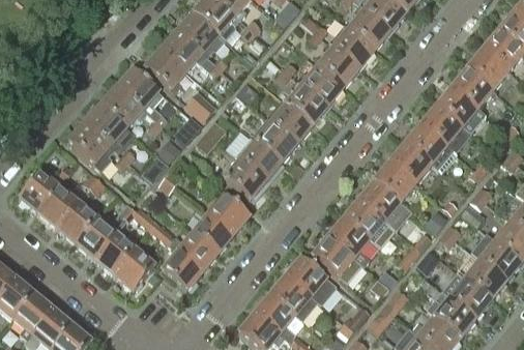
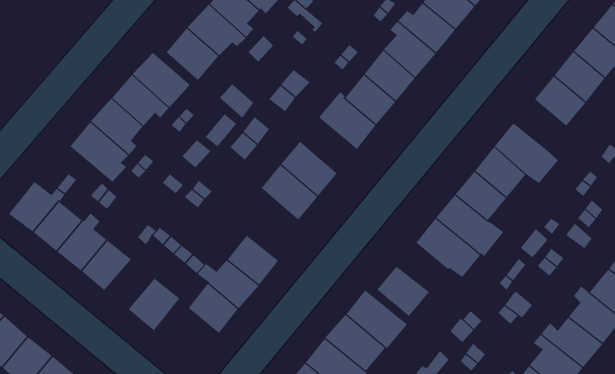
building: [420,105,471,152] -> none
building: [251,119,296,164] -> none
building: [208,193,250,233] -> none
building: [327,218,371,265] -> none
building: [95,232,135,271] -> none

